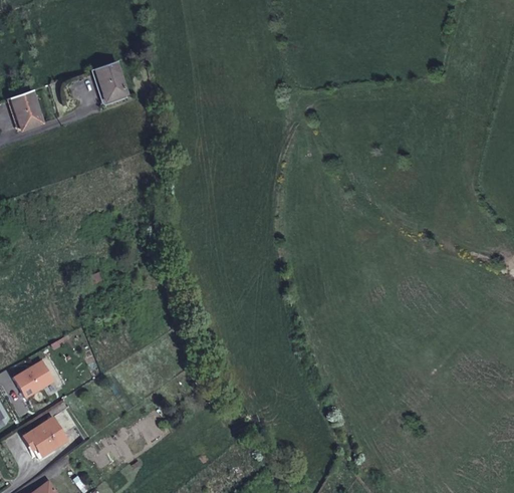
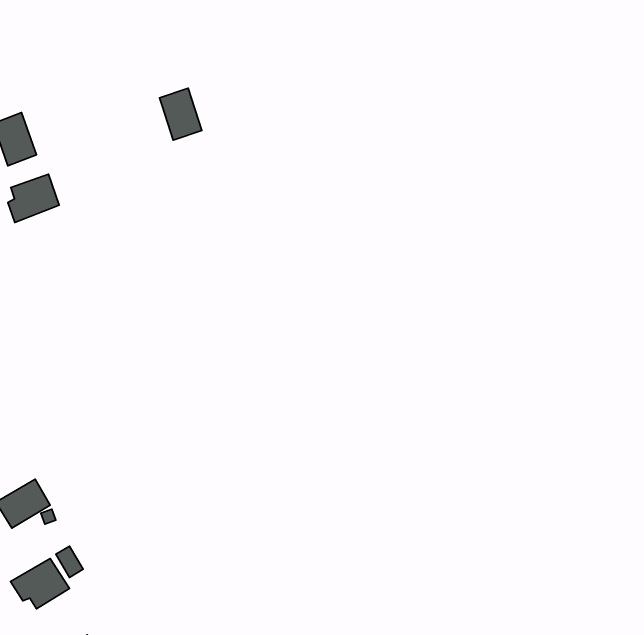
building: [94,62,125,100] -> [159,88,202,140]
building: none -> [8,174,59,222]

